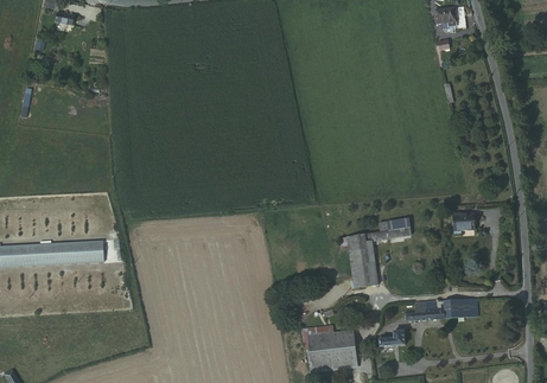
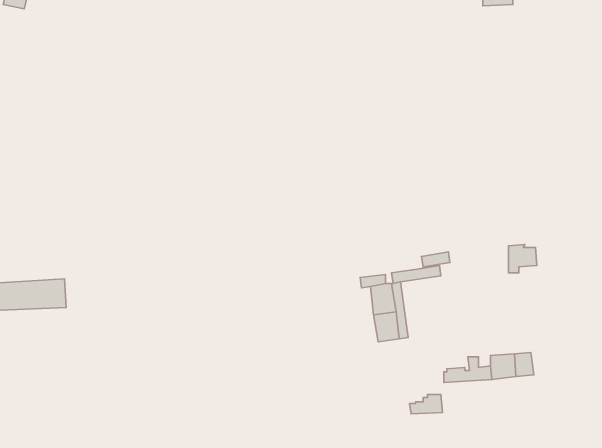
building: [299,327,356,365] -> none

